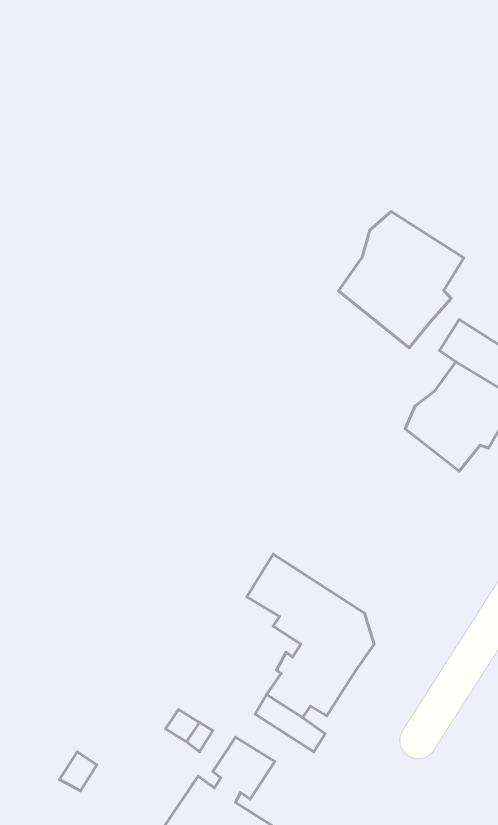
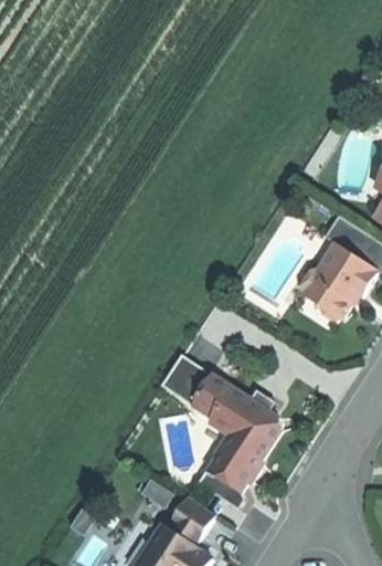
building: [338,212,464,348] -> none
building: none -> [160,355,211,405]

